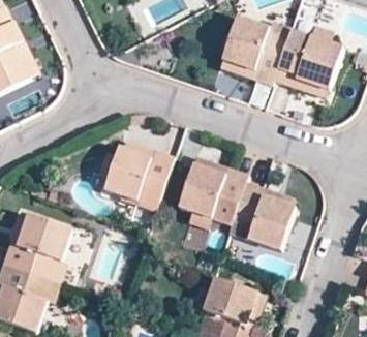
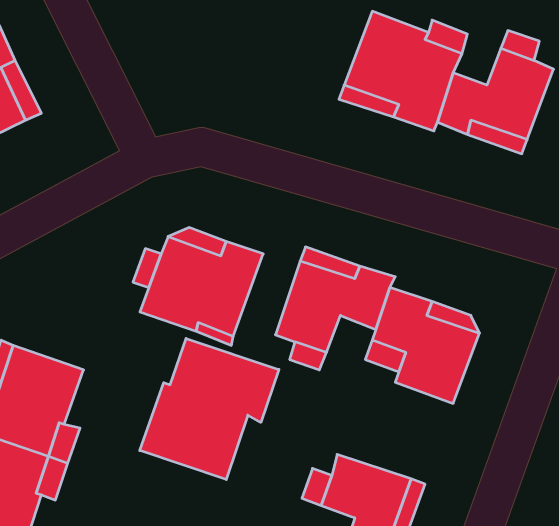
building: none -> [140,338,279,480]

